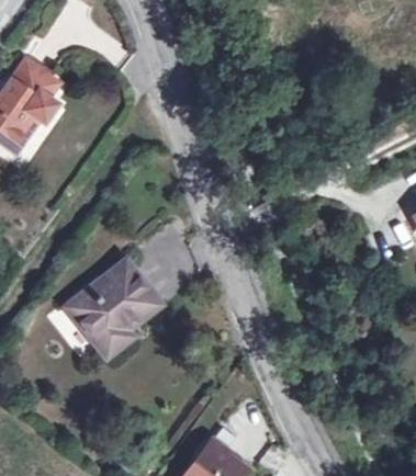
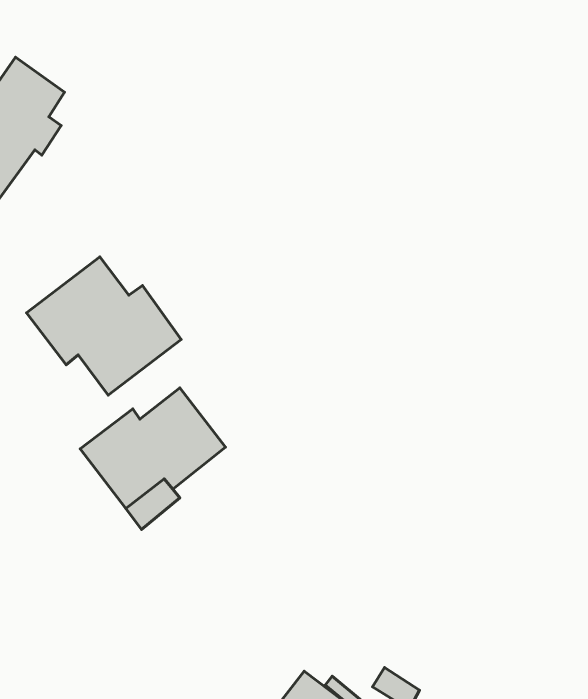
building: none -> [27,257,181,395]

